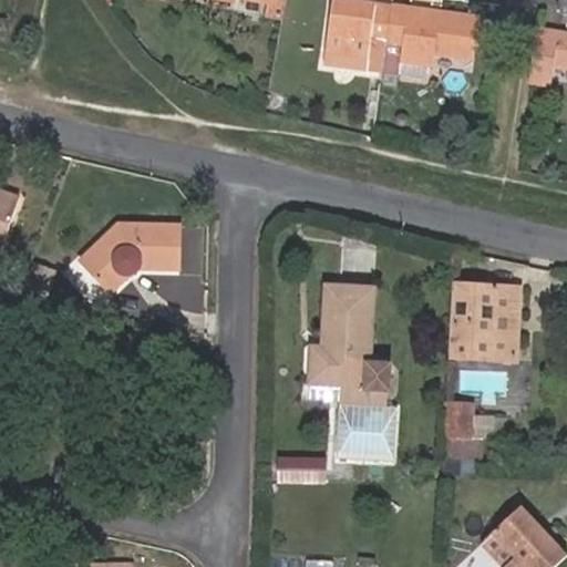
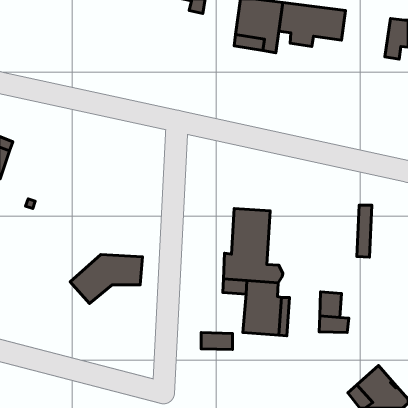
building: [79,223,178,290] -> [70,254,142,303]
building: [452,280,496,354] -> none

